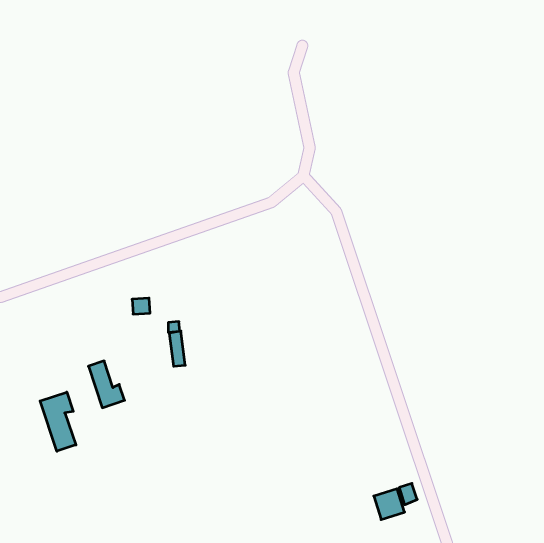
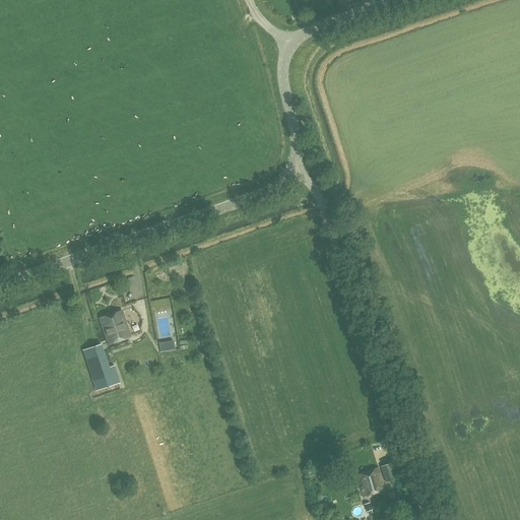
building: none -> [100,310,131,343]
building: [40,392,76,451] -> none

